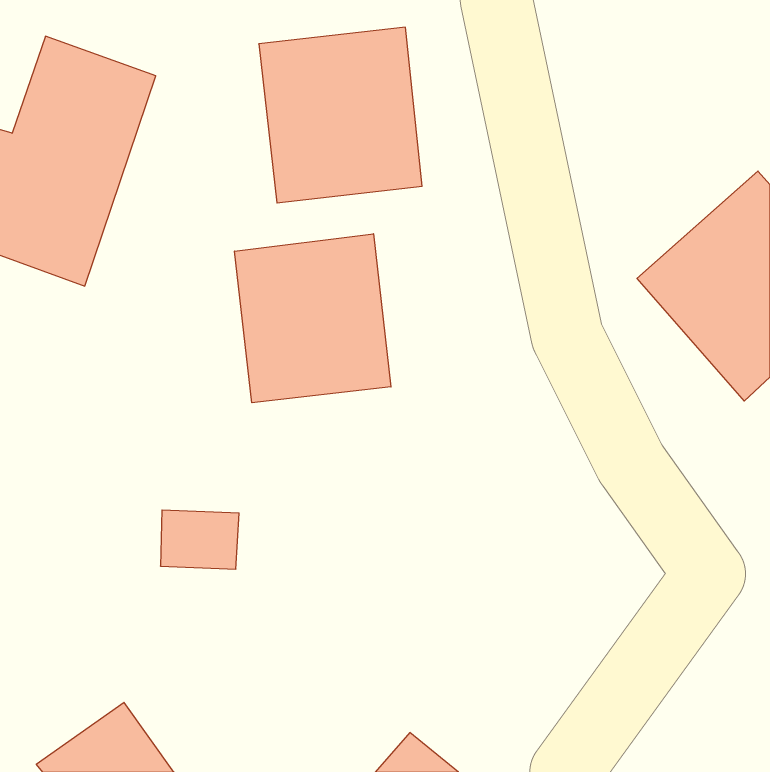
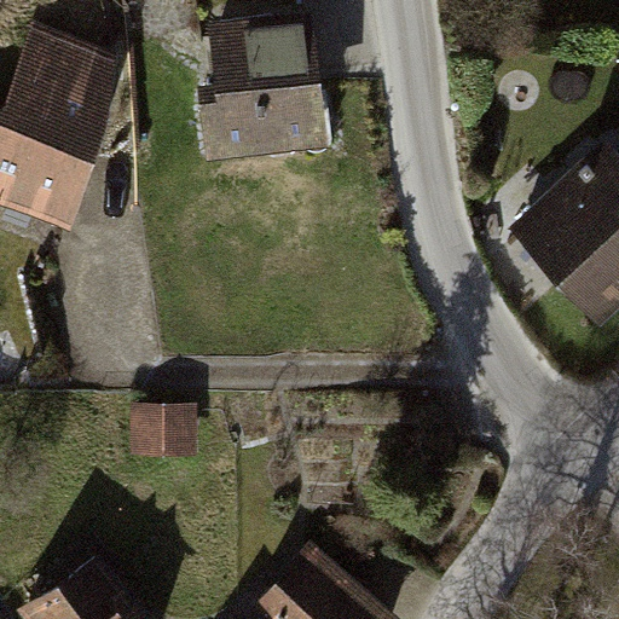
building: [235,234,391,403] -> none

